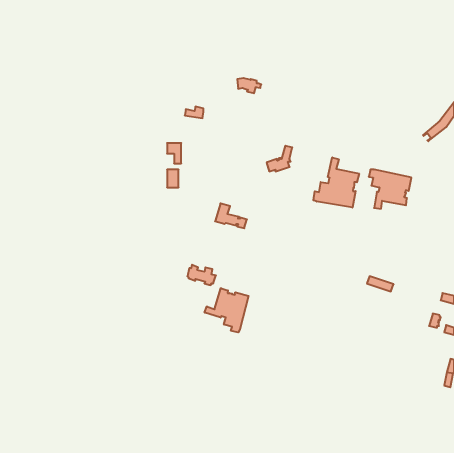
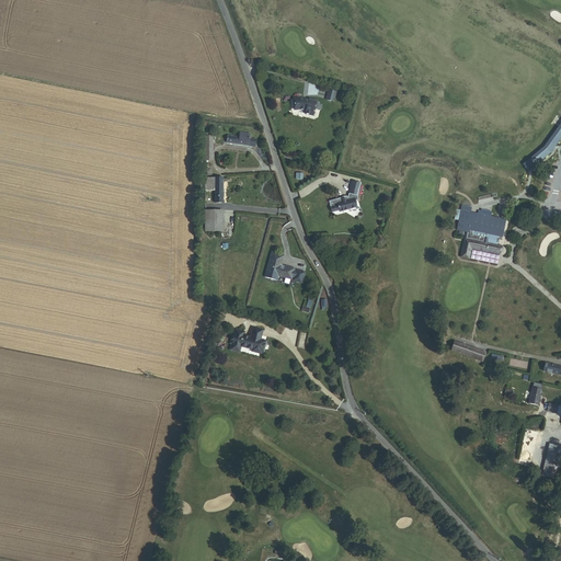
building: [313,157,359,208] -> none
building: [205,288,249,332] -> none

